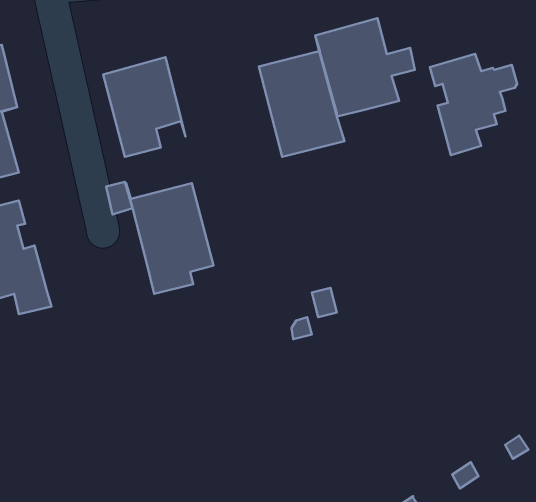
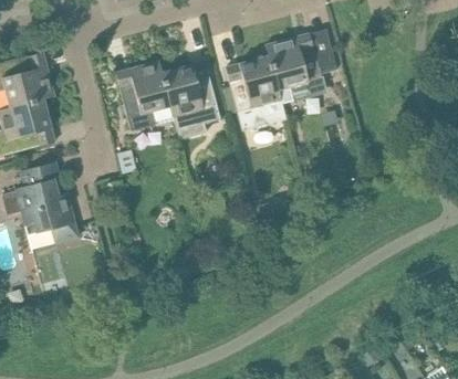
building: [430,54,517,155] -> none
building: [126,183,214,294] -> [159,61,221,139]

